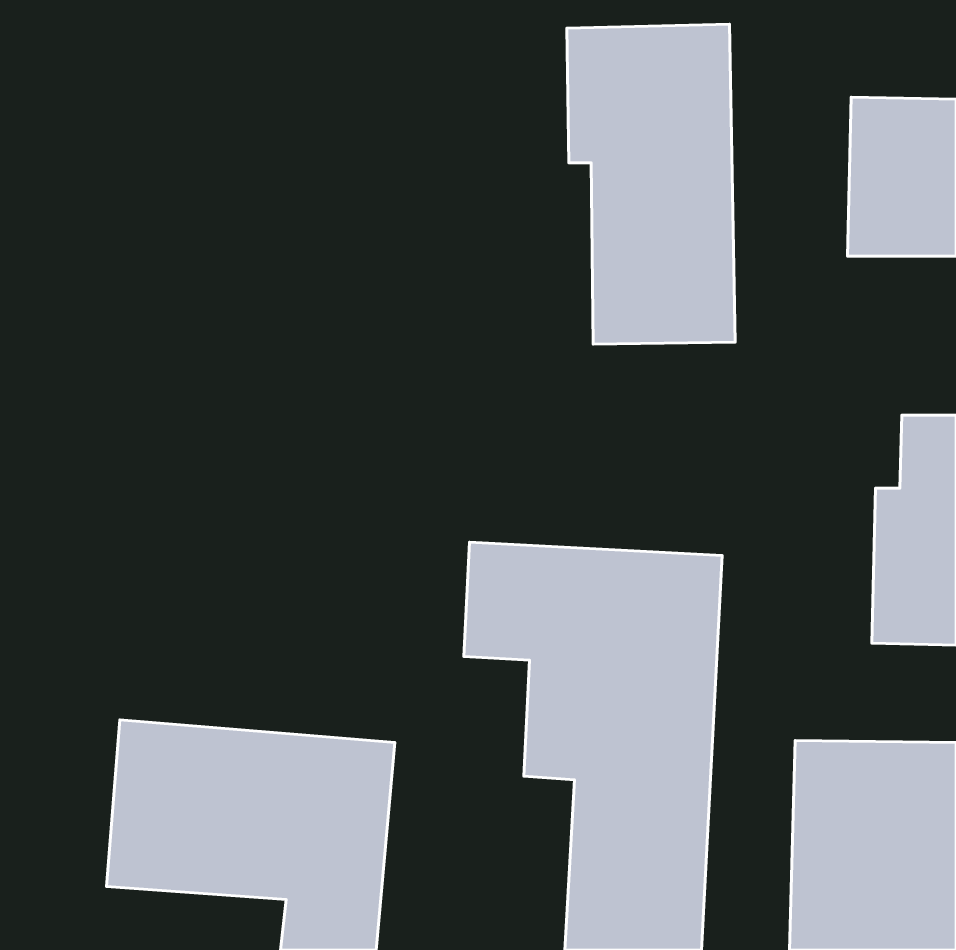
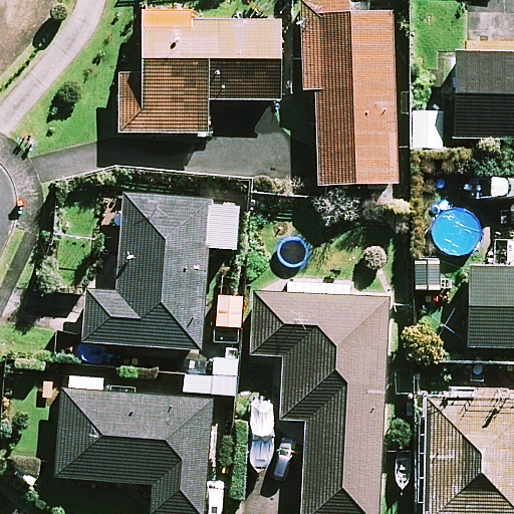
building: none -> [118,16,281,133]
building: none -> [79,191,238,349]

